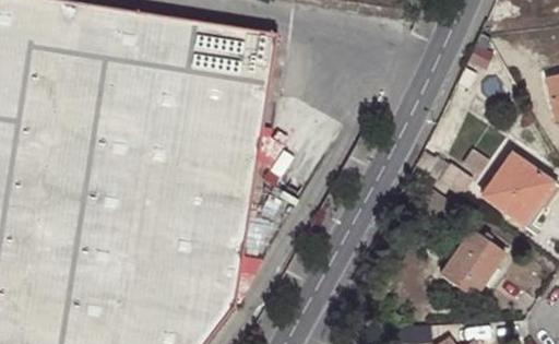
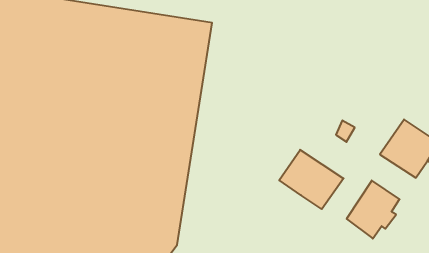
building: none -> [279,150,344,209]

